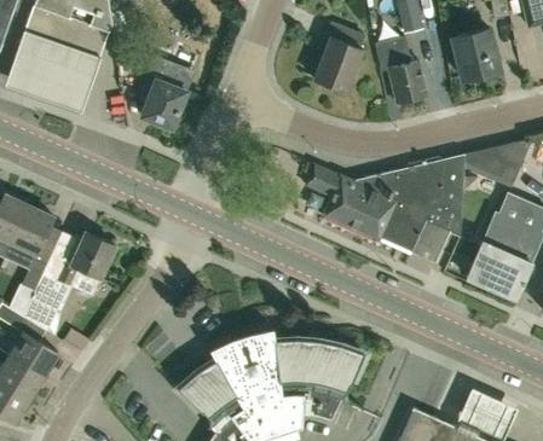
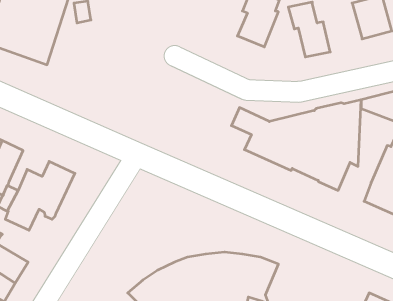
building: [141,57,193,130] -> none

